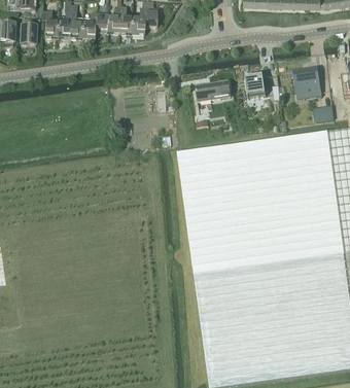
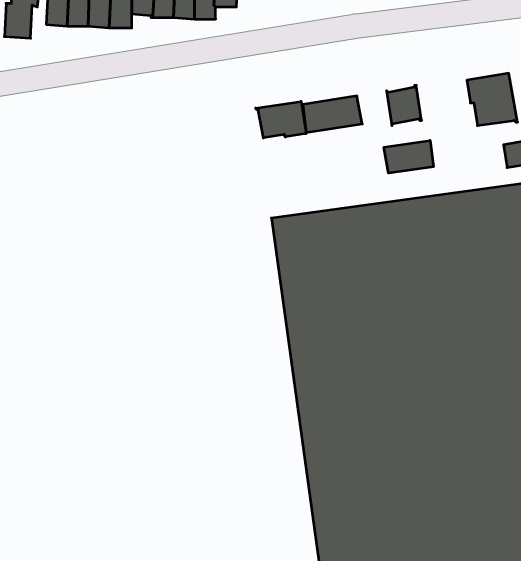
building: none -> [256,101,306,138]
building: none -> [384,140,433,173]

